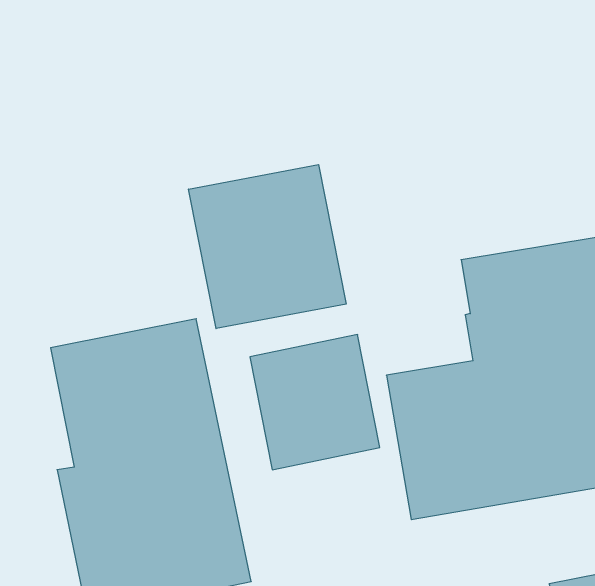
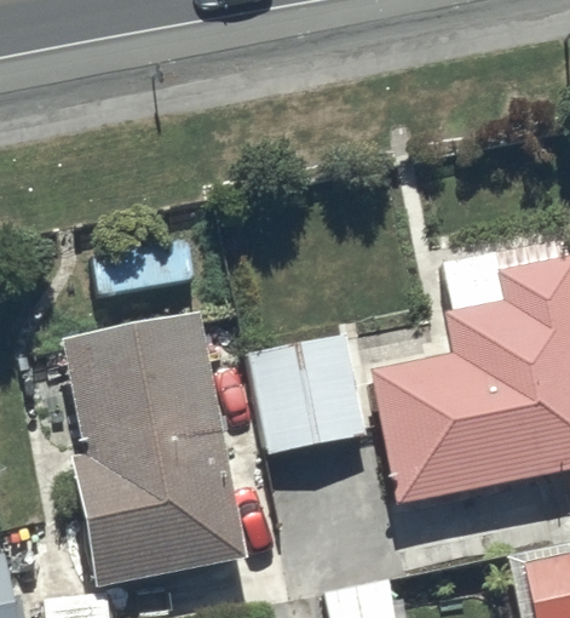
building: [189,165,346,329] -> none

